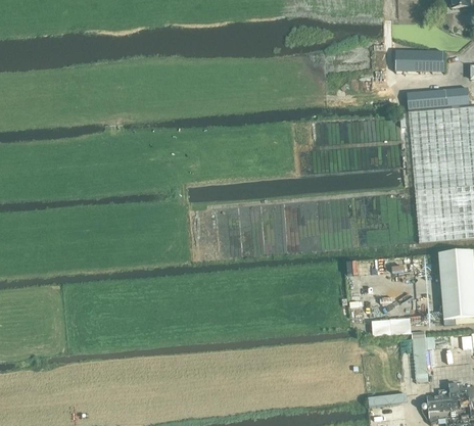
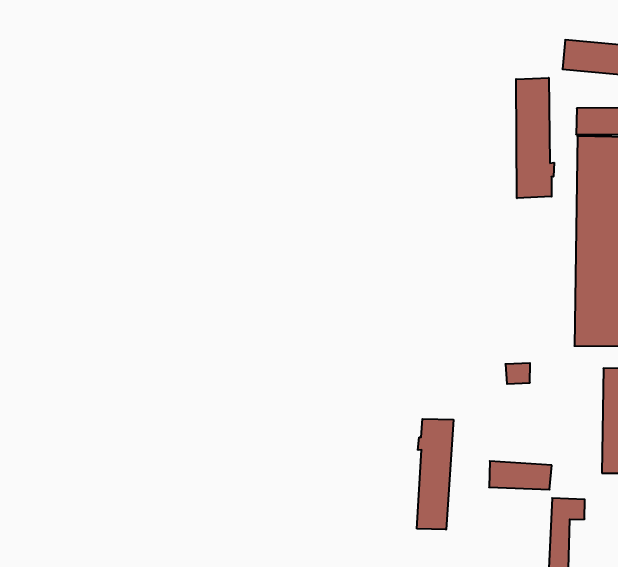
building: none -> [516,78,554,198]
building: none -> [417,419,453,530]

